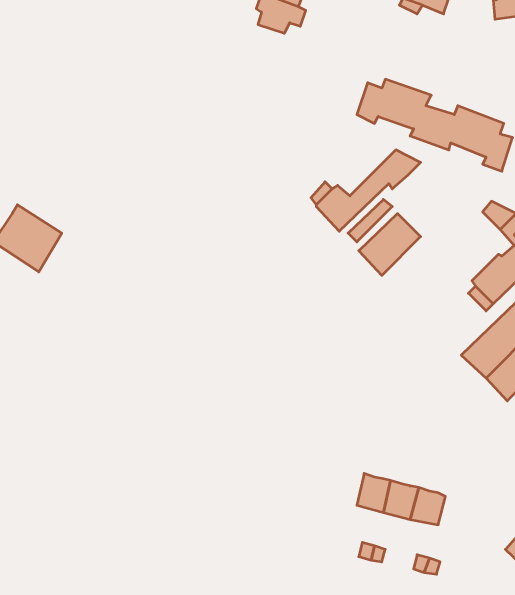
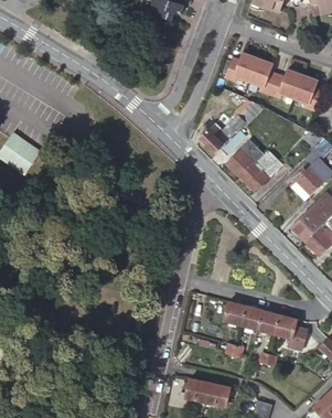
building: none -> [239,149,282,191]
building: none -> [275,315,312,357]

